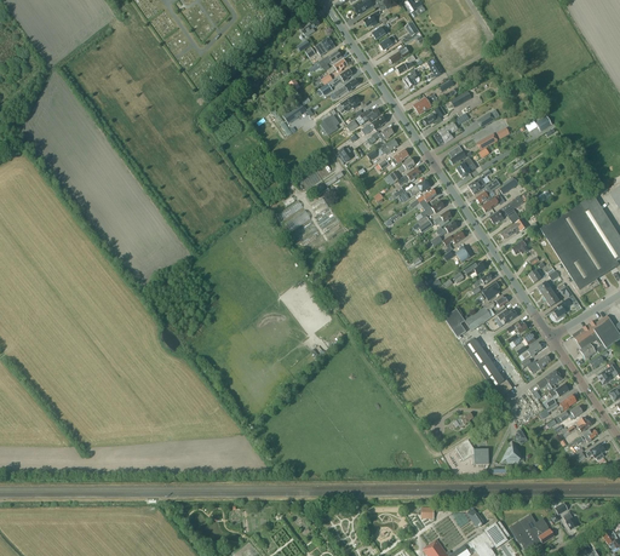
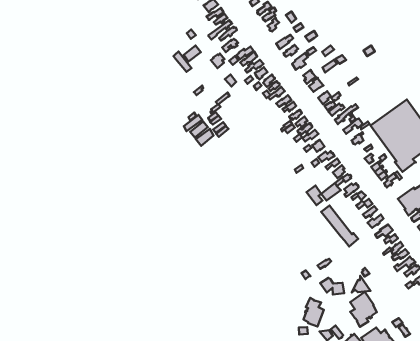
building: none -> [350,292,377,327]
building: none -> [304,298,324,327]

